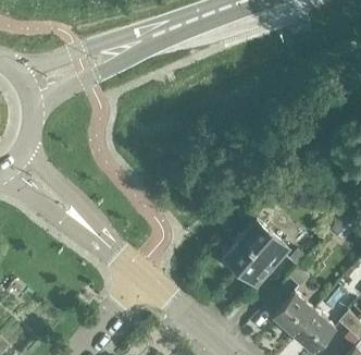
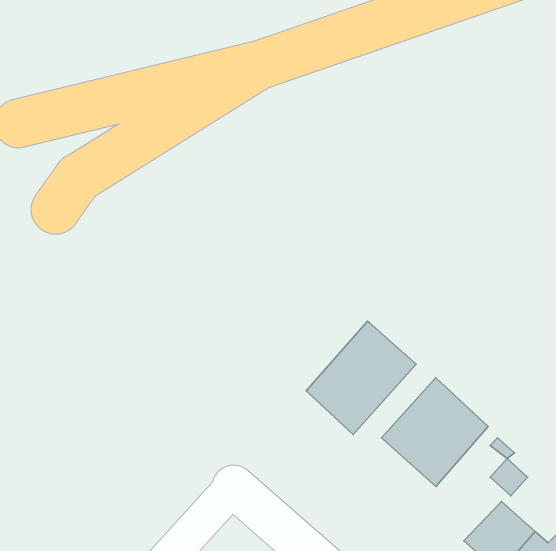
building: none -> [306,321,416,435]

